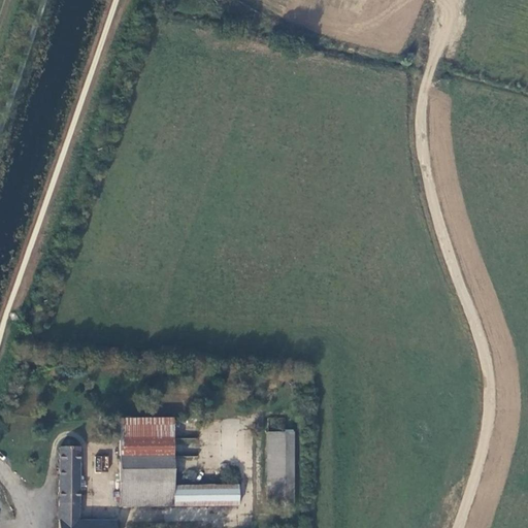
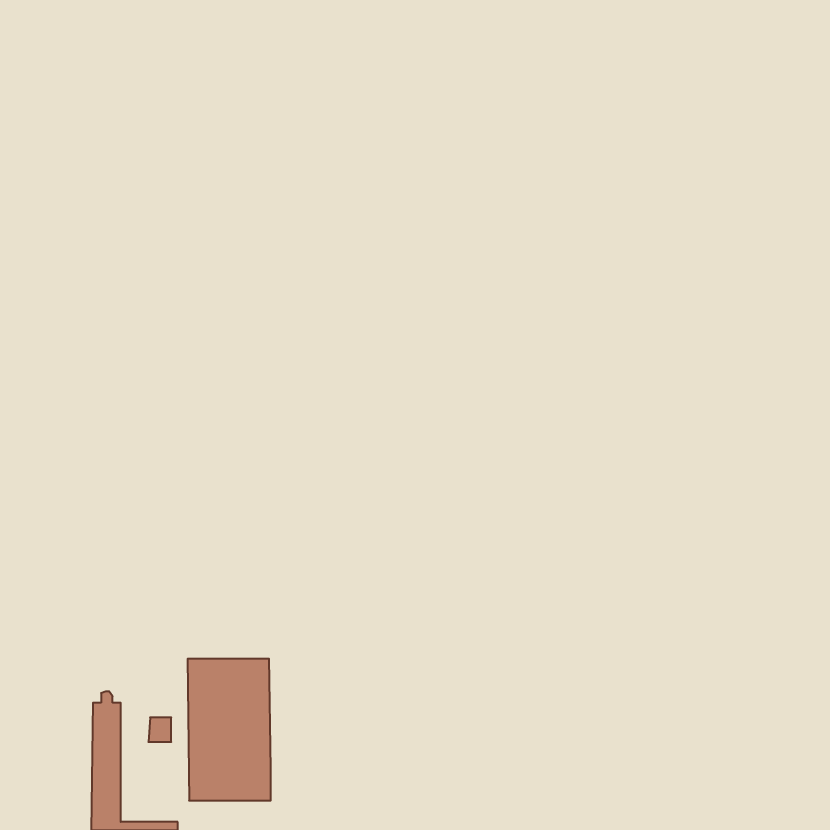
building: [269,431,294,503] -> none
building: [173,485,239,506] -> none

